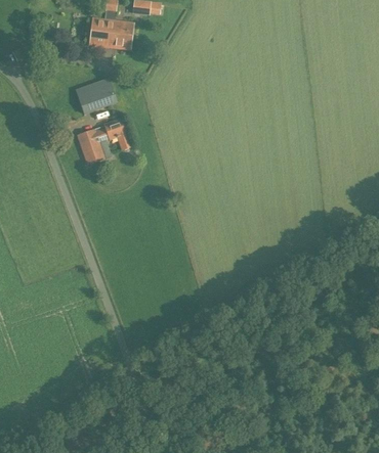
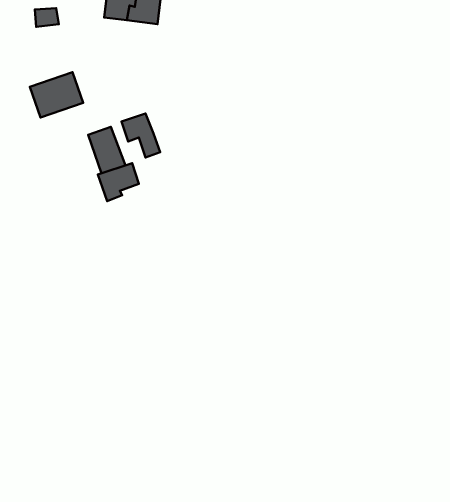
building: [76,79,117,114] -> [30,72,83,117]
building: none -> [98,163,139,201]

